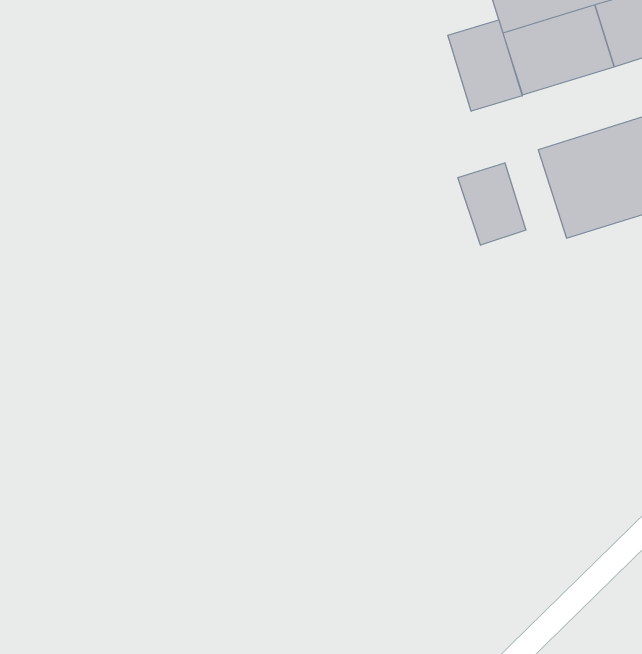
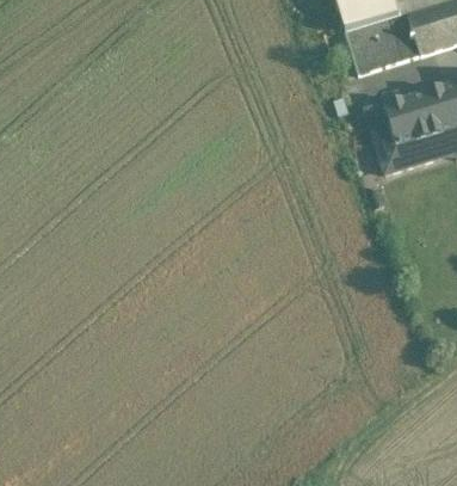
building: [448,20,522,111] -> none
building: [458,163,526,245] -> none

